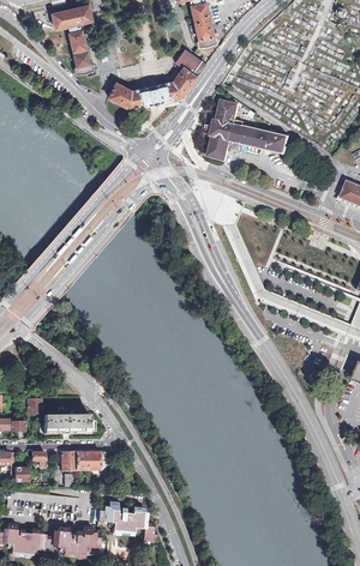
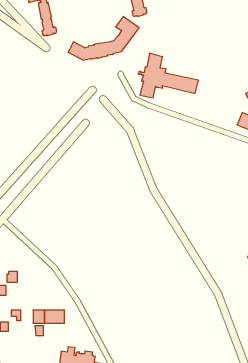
building: [42,413,88,433] -> none

